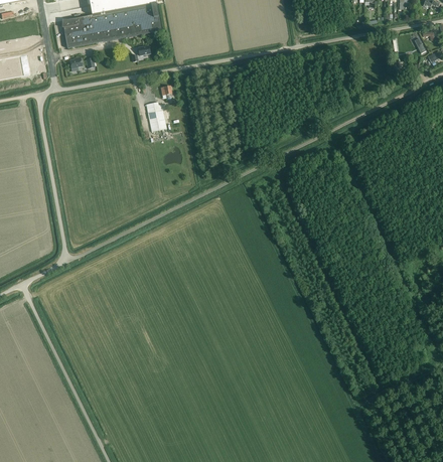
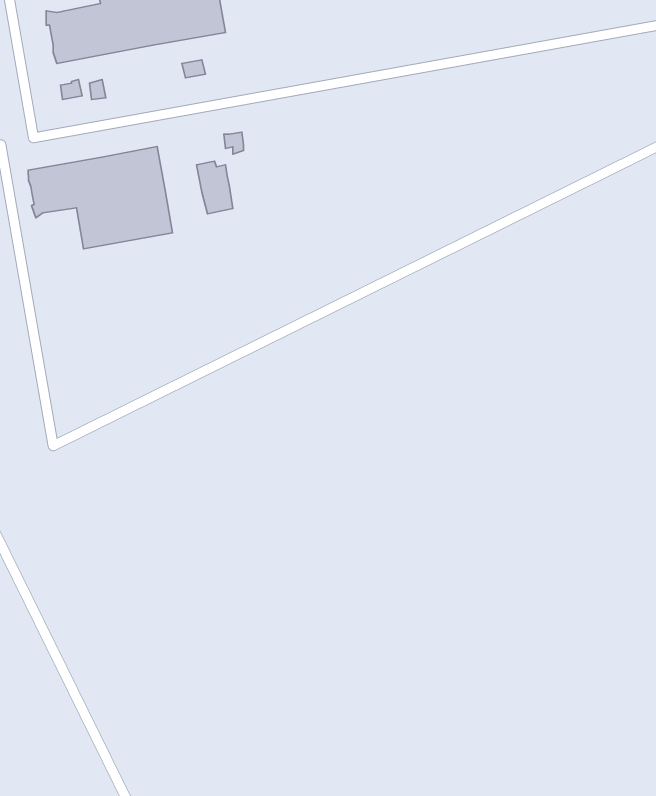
building: none -> [28,147,172,249]

